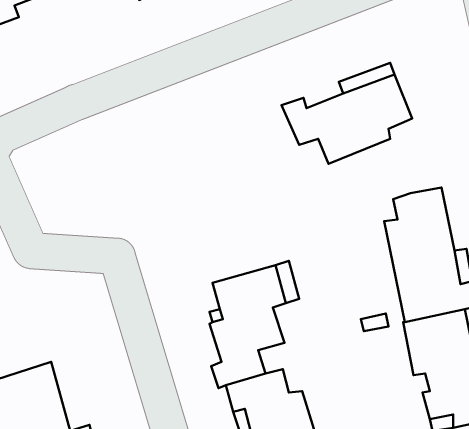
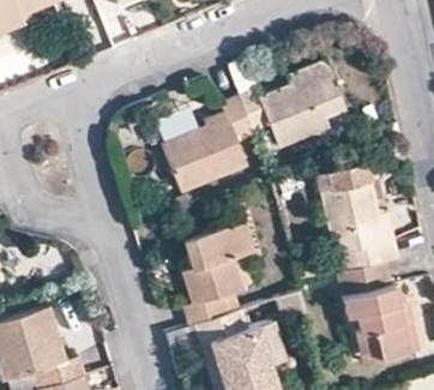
building: none -> [163,96,255,190]

